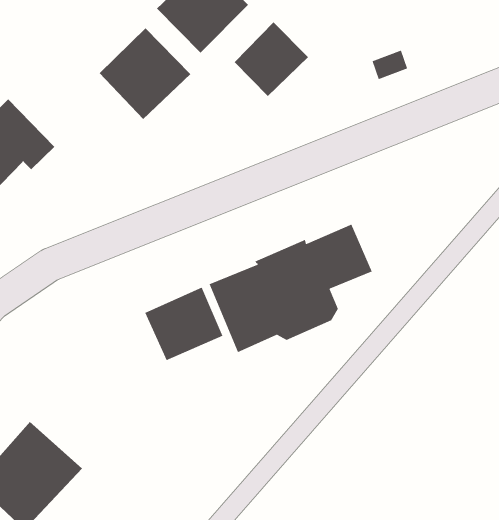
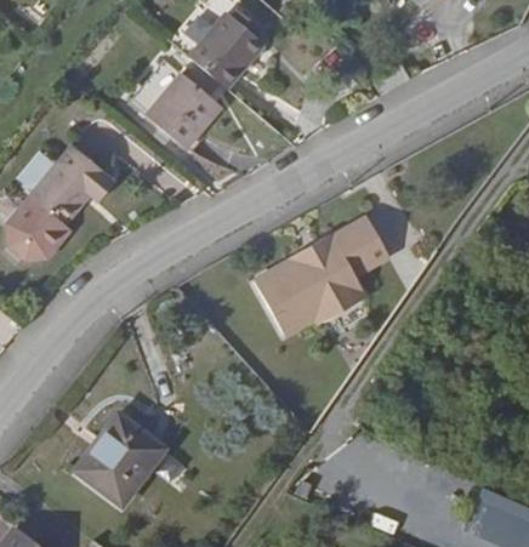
building: [234,21,309,97] -> none
building: [144,286,224,361] -> none

